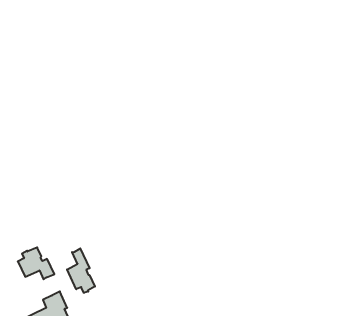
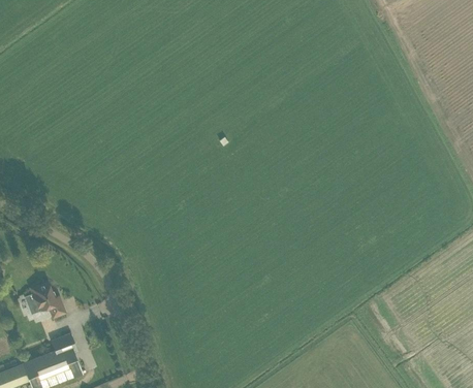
building: [67,248,95,293] -> none

